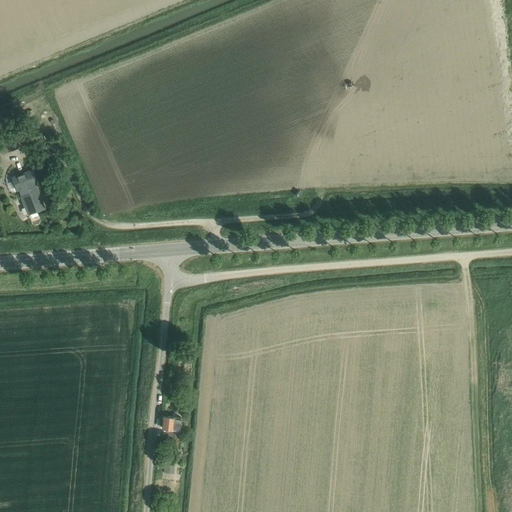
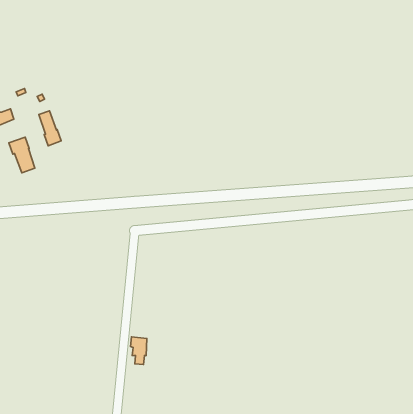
building: none -> [39,111,61,146]

